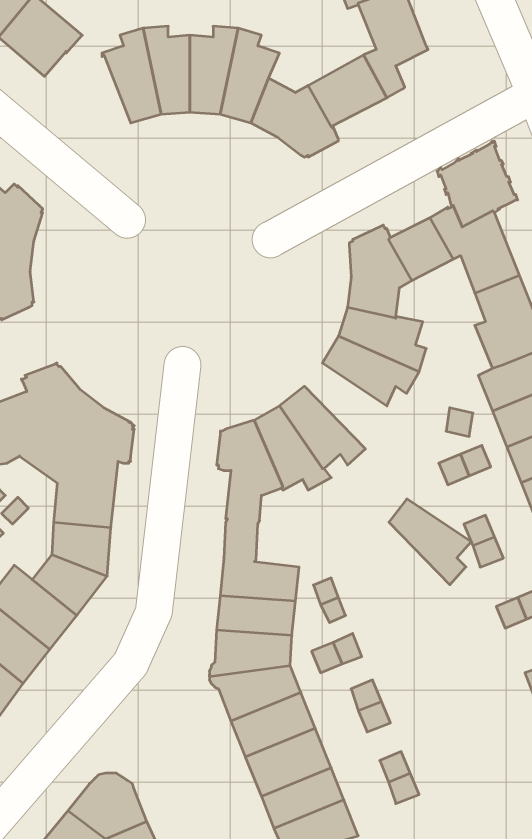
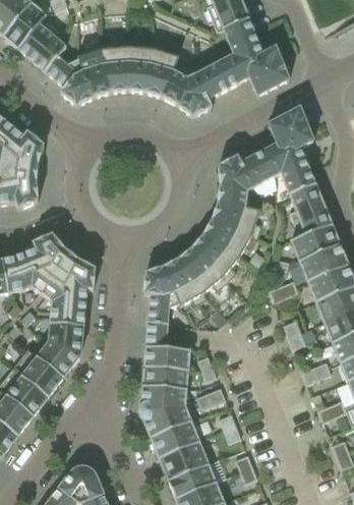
building: none -> [244,46,289,97]
building: none -> [45,55,94,105]
building: [389,499,471,585] -> [192,232,239,281]

